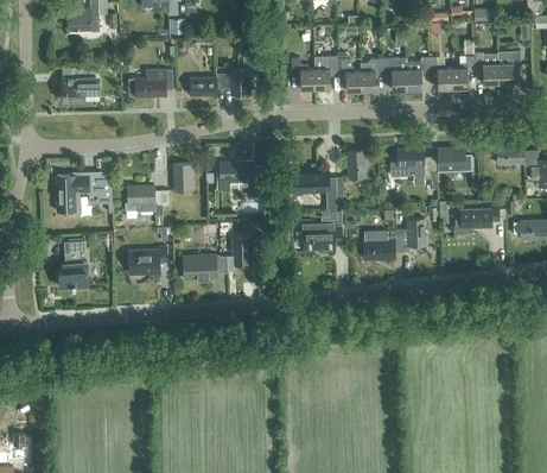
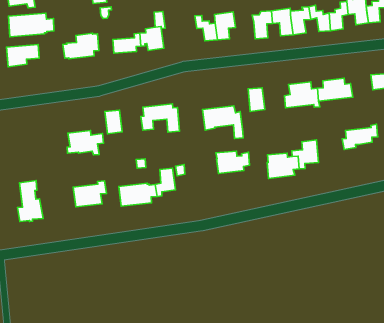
building: none -> [9,13,54,37]
building: [337,52,361,92] -> none
building: [57,172,113,215] -> none

